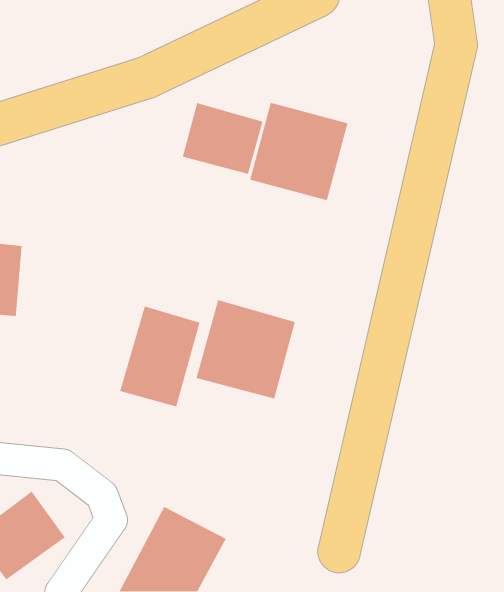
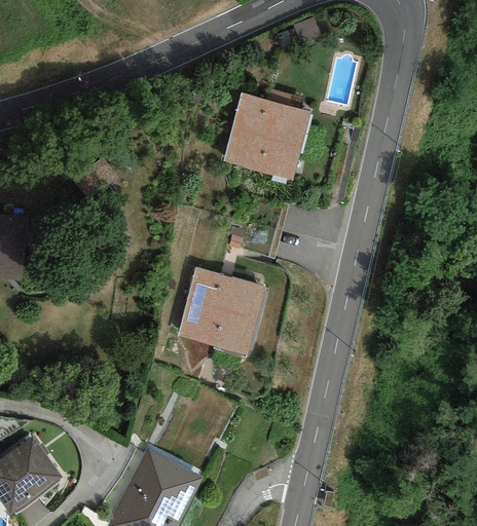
building: [182,102,263,175] -> none
building: [119,306,201,407] -> none

